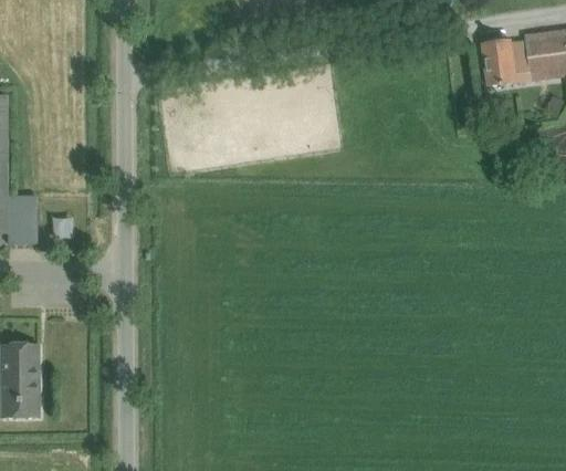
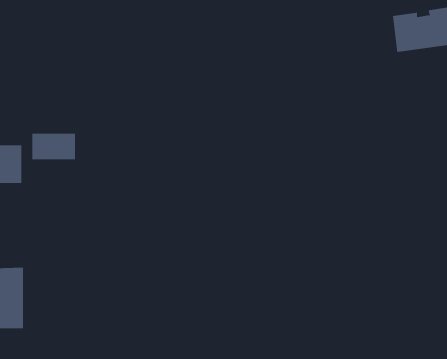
building: none -> [32,133,76,160]

